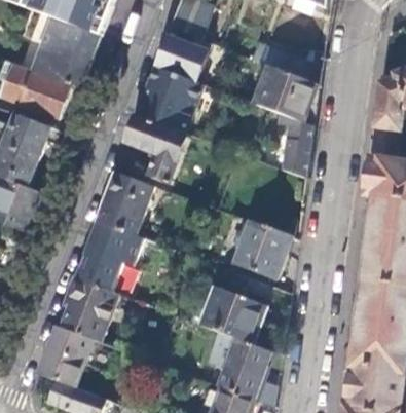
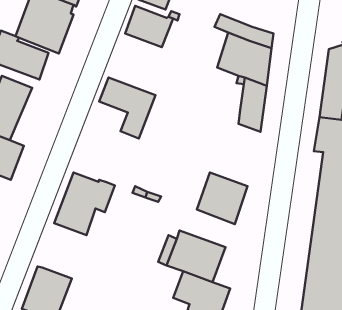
building: [136,66,205,133] -> none
building: [97,172,153,232] -> none
building: [62,277,118,341] -> none

